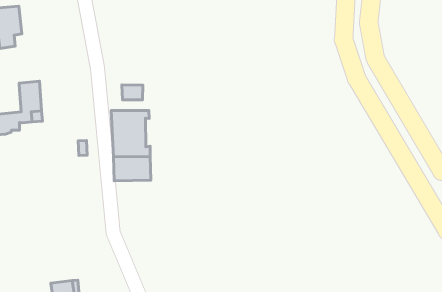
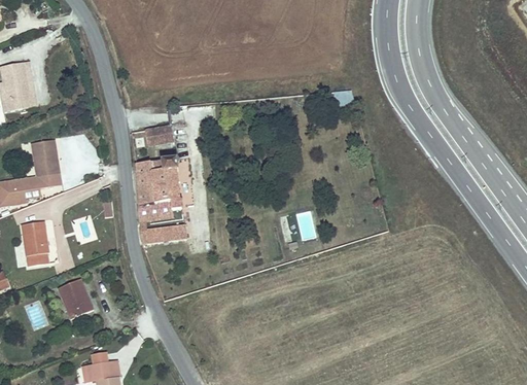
building: none -> [20,56,38,103]
building: none -> [23,222,49,264]
building: none -> [58,278,94,318]

